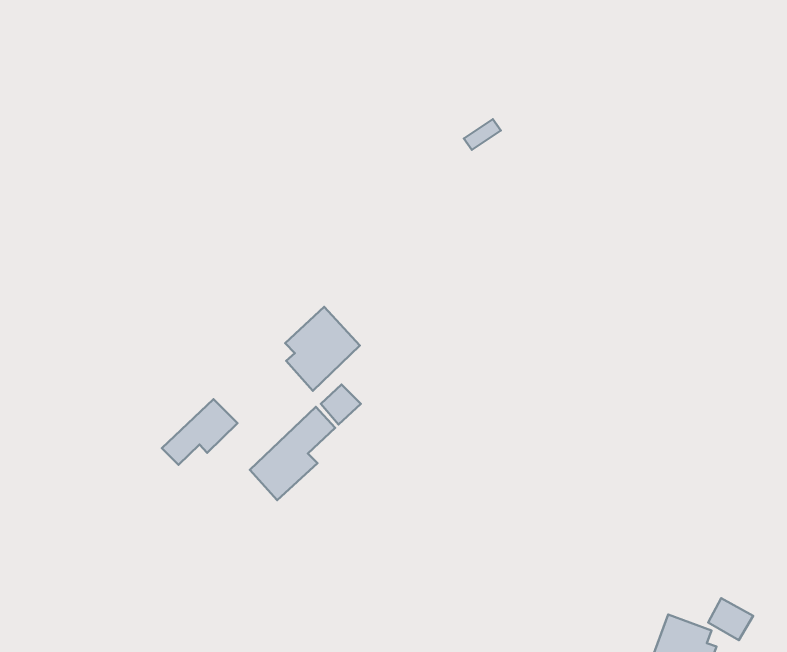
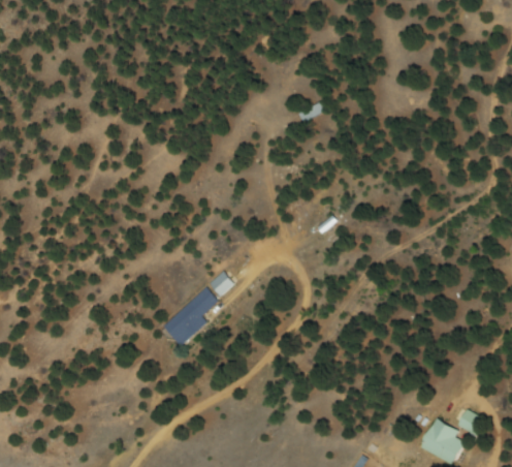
building: [285,307,360,391] -> none
building: [162,399,238,465] -> none

